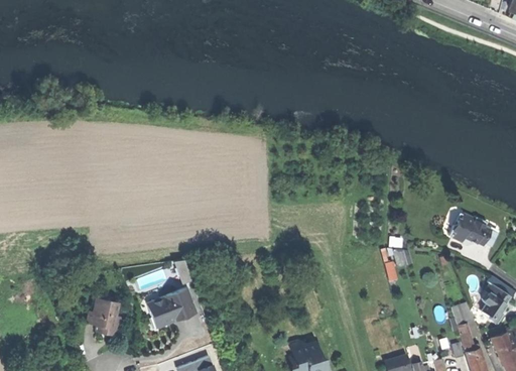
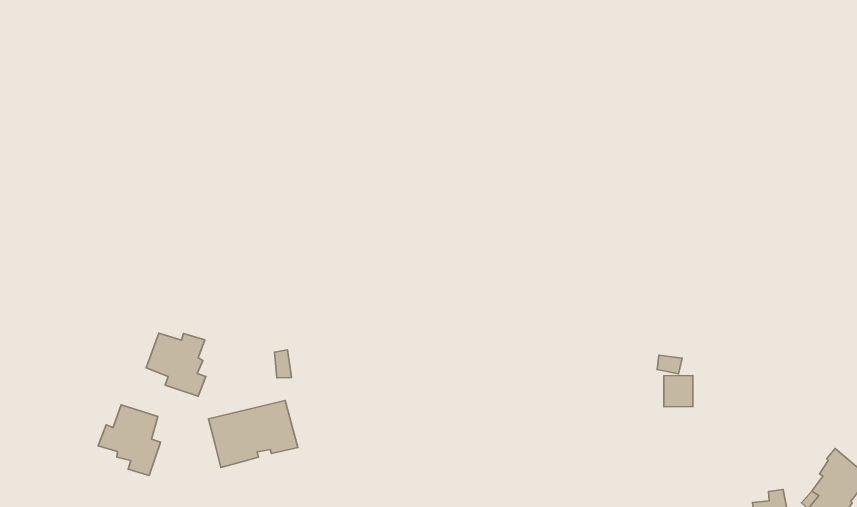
building: [448,217,497,248] -> none
building: none -> [146,333,206,396]

